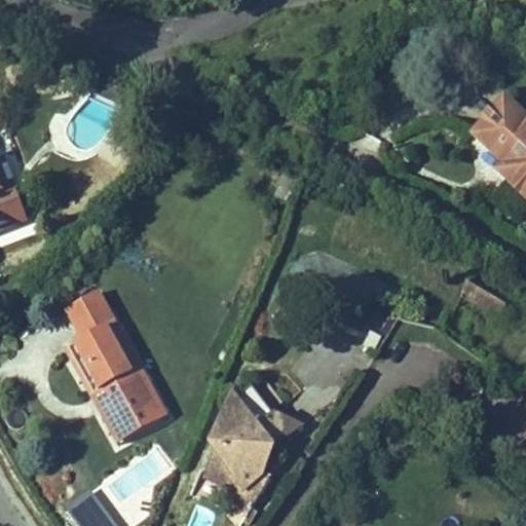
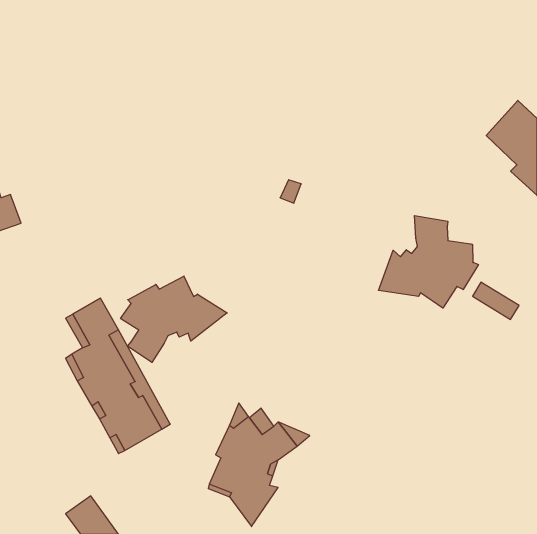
building: none -> [379,216,478,308]
building: none -> [121,276,227,362]

